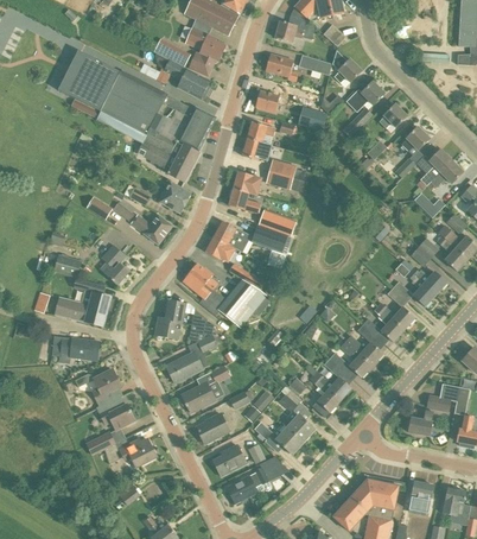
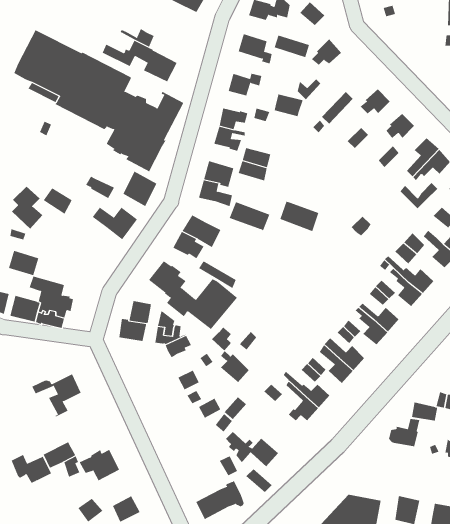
building: [185,26,225,76] -> none
building: [346,80,384,110] -> none
building: [250,223,287,252] -> [280,201,319,232]
building: [100,243,129,284] -> [11,186,43,229]
building: [52,335,100,362] -> none
building: [166,350,203,382] -> none
building: [182,381,216,412] -> none
building: [279,388,314,440] -> [211,326,250,383]
building: [97,401,135,429] -> [11,454,52,484]
building: [196,412,230,443] -> none
building: [214,443,247,475] -> none

